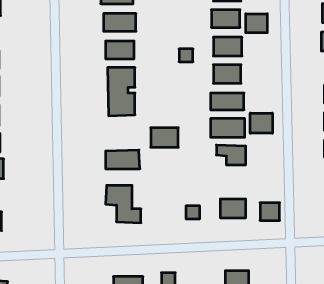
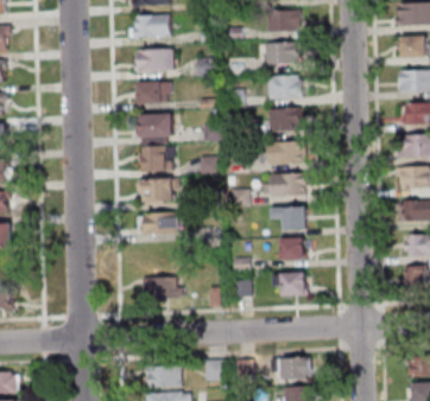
building: [246,14,267,33] -> none
building: [250,113,272,133] -> none
building: [151,128,178,147] -> [140,180,173,204]
building: [260,203,280,220] -> [280,238,304,260]

